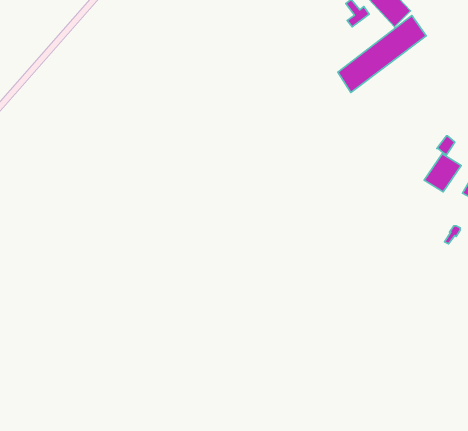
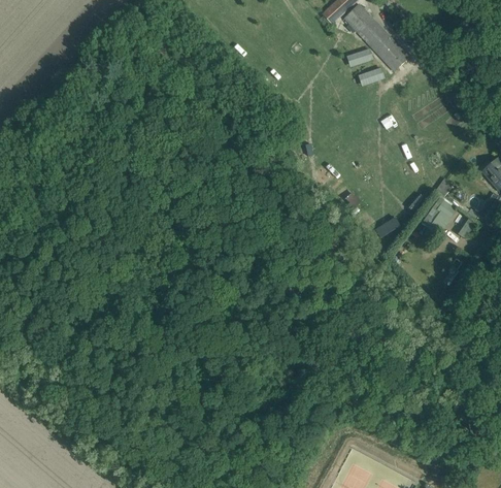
building: [338,15,426,93] -> none

